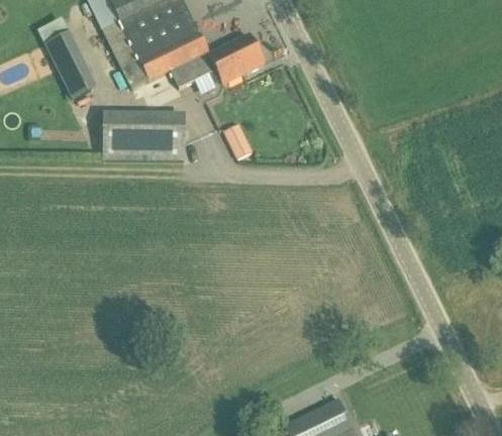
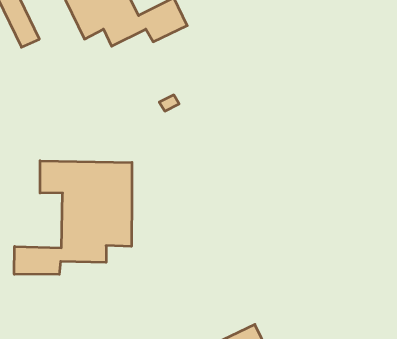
building: [103,115,187,155] -> none
building: none -> [14,161,132,274]

